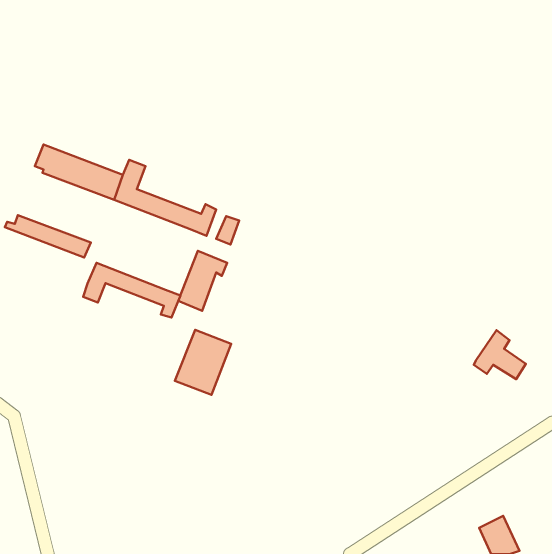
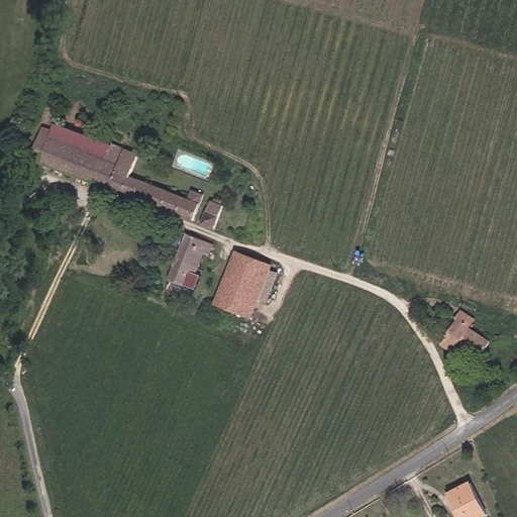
building: [5,215,91,258] -> [40,123,120,163]
building: [83,263,180,317] -> none
building: [175,330,231,395] -> [216,253,269,314]

